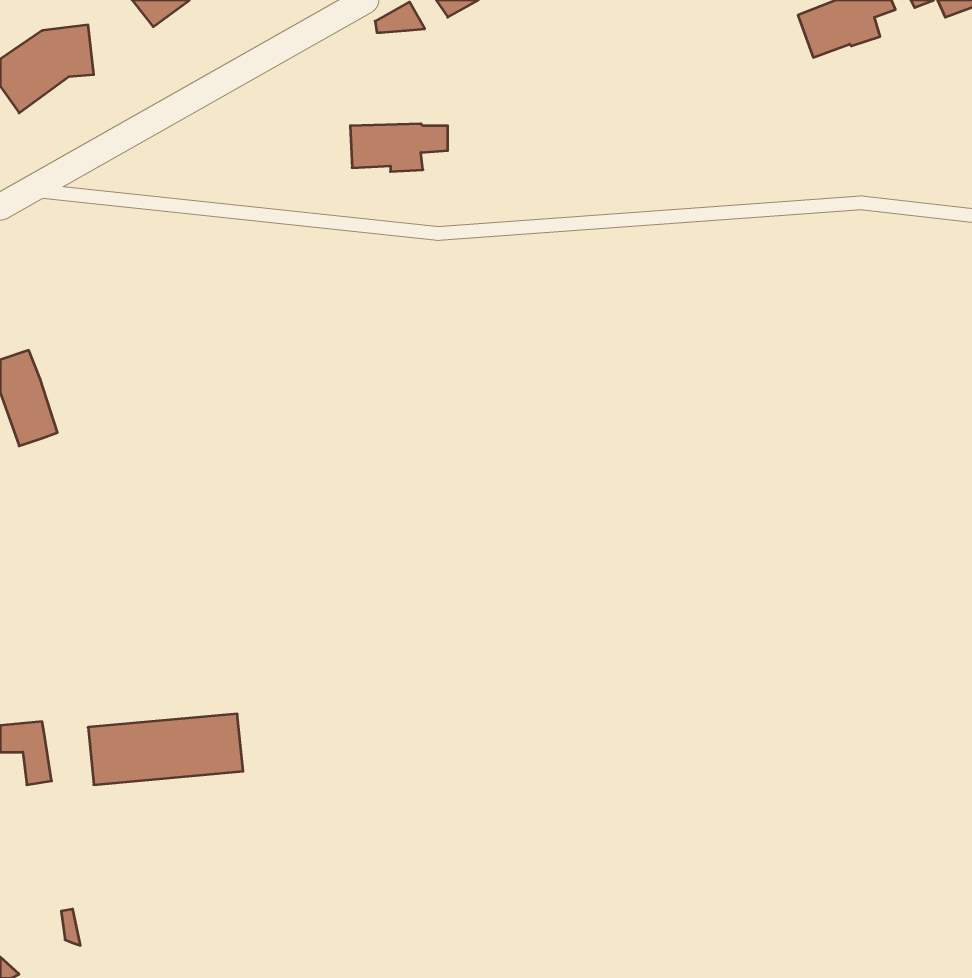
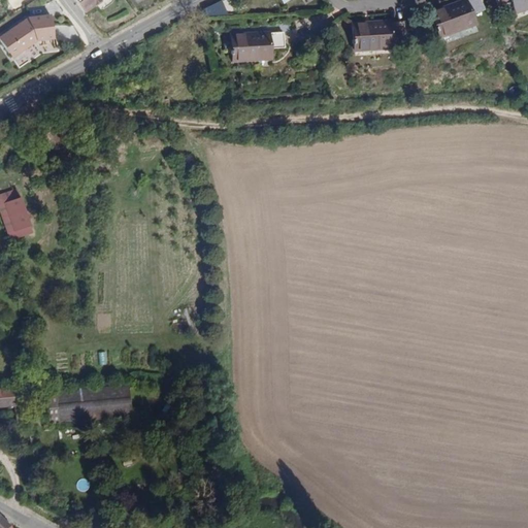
building: none -> [357,19,409,45]
building: [350,124,448,172] -> [233,36,286,62]

